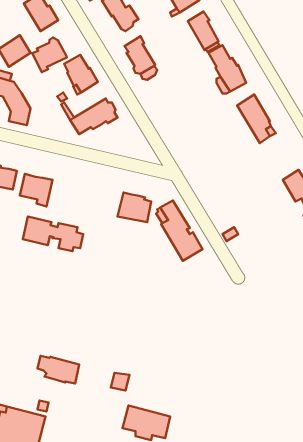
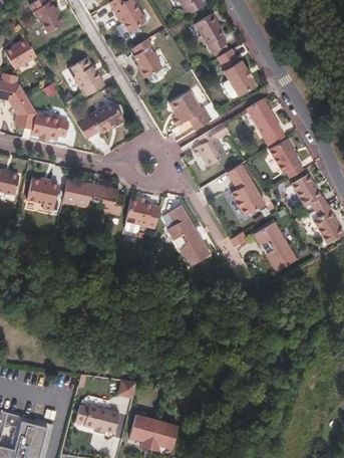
building: [32,38,67,72] -> none
building: none -> [168,90,214,129]
building: none -> [31,111,68,140]
building: none -> [194,122,229,166]
building: none -> [269,139,304,177]
building: none -> [227,163,265,214]
building: [23,216,83,251] -> [62,178,123,213]
building: none -> [253,222,297,271]
building: [37,356,79,383] -> [76,404,118,432]

